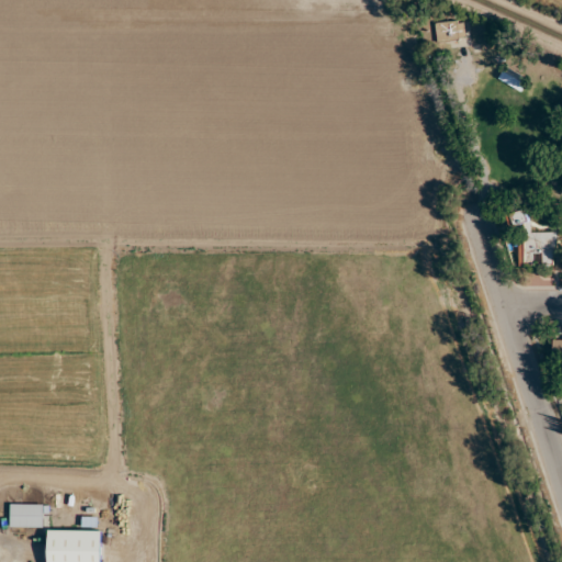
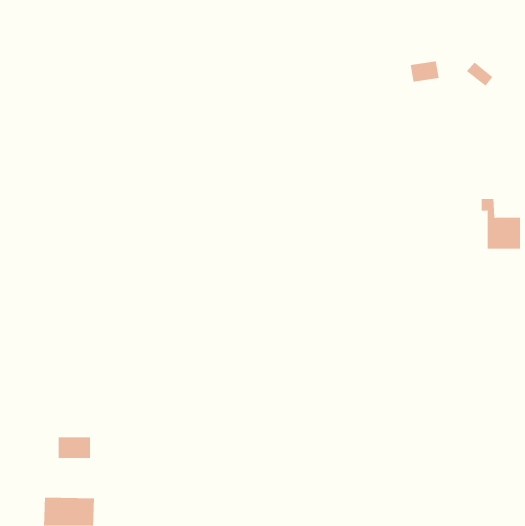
building: [434,20,465,43] -> [410,61,440,82]
building: [10,504,45,527] -> [58,437,91,459]

